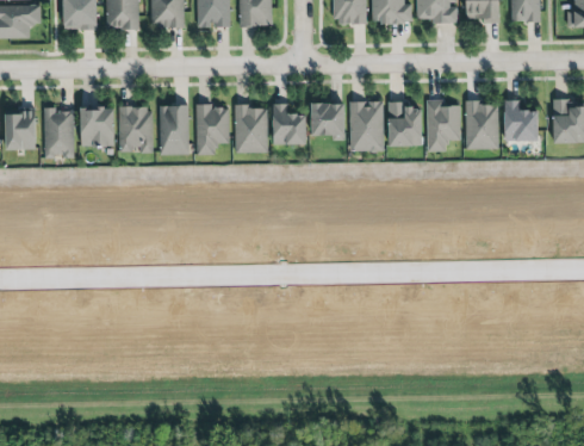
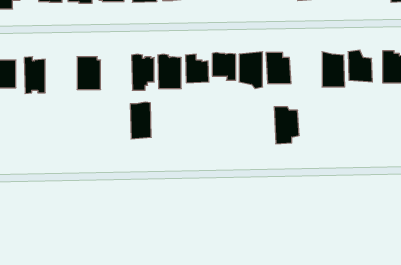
building: [425,98,461,150] -> [274,107,299,144]
building: [79,103,117,148] -> none
building: [160,103,190,155] -> [130,102,151,139]

